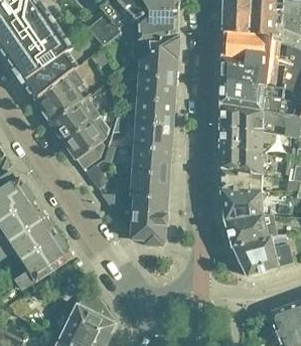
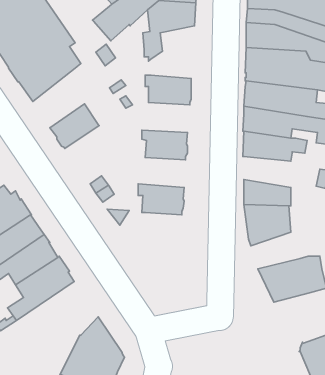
building: [139,33,178,79] -> none
building: [35,70,92,123] -> none
building: [131,101,173,127] -> none
building: [63,115,109,160] -> none
building: [220,148,269,175] -> none
building: [128,149,170,175] -> none
building: [129,197,167,247] -> none
building: [227,214,277,246] -> none

